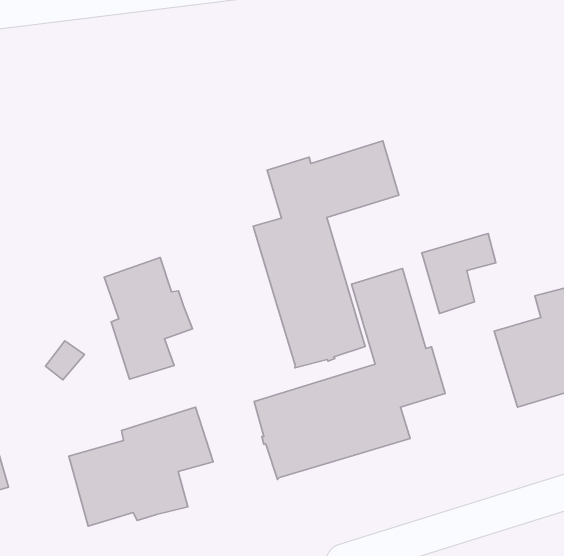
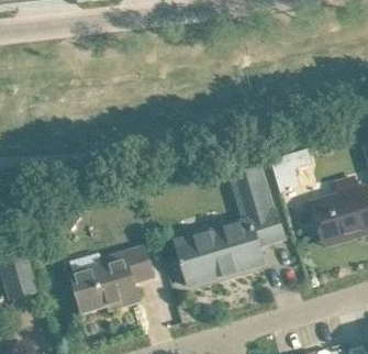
building: [253,141,399,368] -> none
building: [104,257,193,379] -> none

